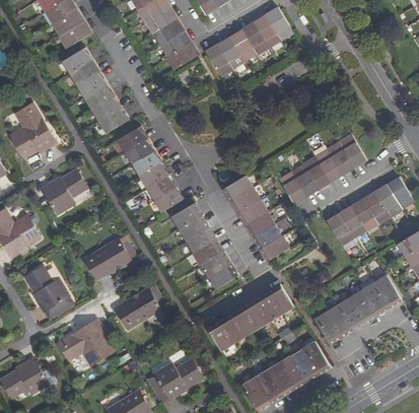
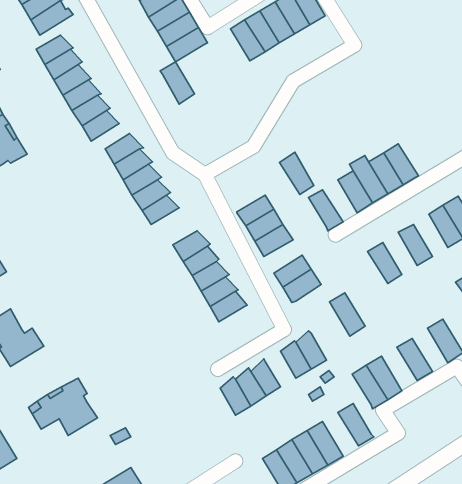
building: [205,44,232,77] -> [160,62,195,104]
building: [290,163,318,197] -> [279,152,314,194]
building: [42,169,87,214] -> none
building: [154,187,185,212] -> none
building: [362,191,390,224] -> none
building: [338,205,365,238] -> none
building: [243,211,274,237] -> none
building: [84,239,129,280] -> none
building: [208,264,238,288] -> none
building: [361,281,390,316] -> none
building: [114,290,159,331] -> none
building: [337,296,365,331] -> [329,293,365,336]
building: [245,297,269,328] -> none
building: [290,348,319,383] -> none
building: [153,360,201,400] -> none

